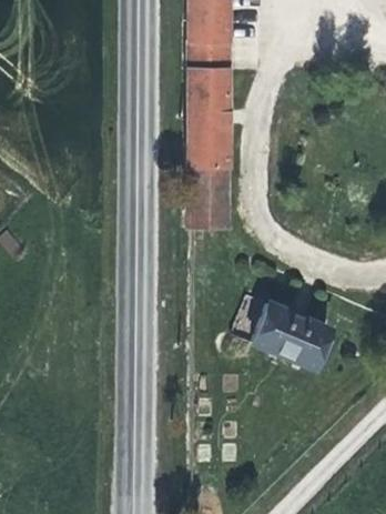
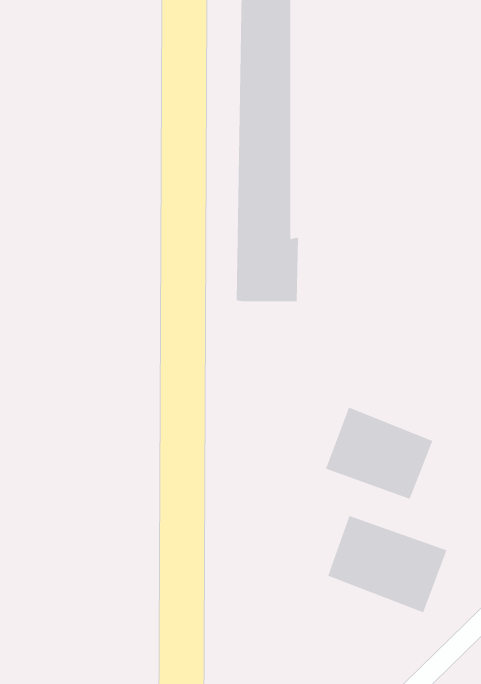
building: none -> [328,515,447,613]

